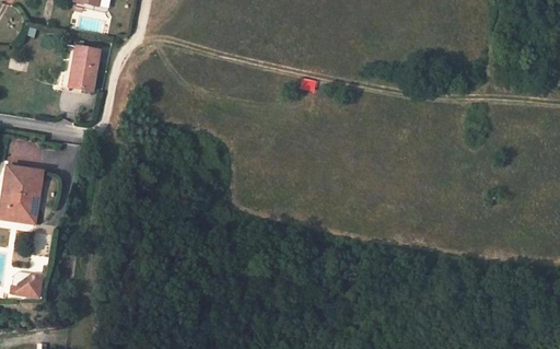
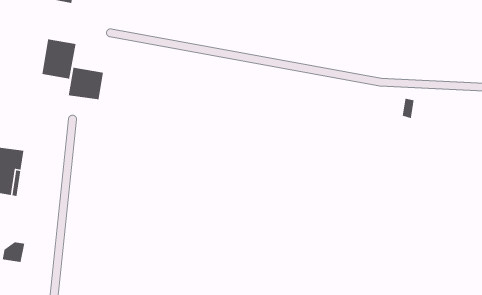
building: none -> [68,67,104,100]

